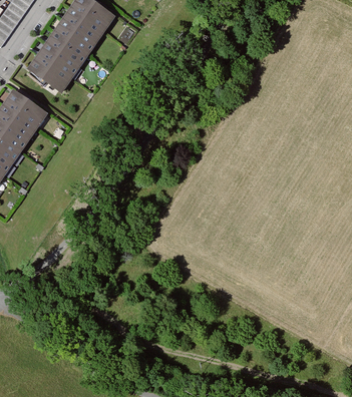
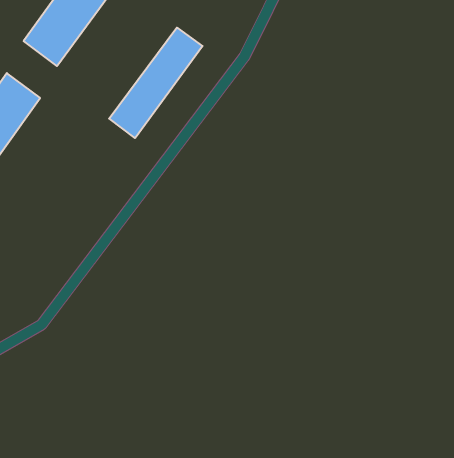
building: none -> [109,28,203,138]

